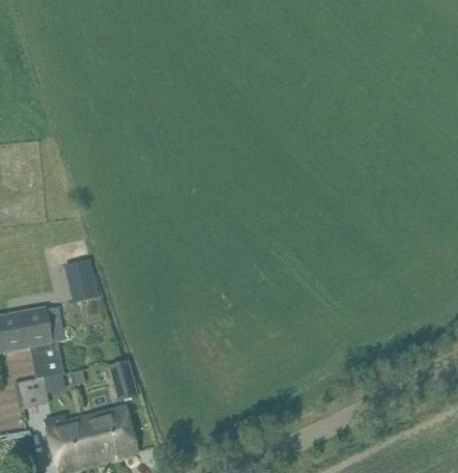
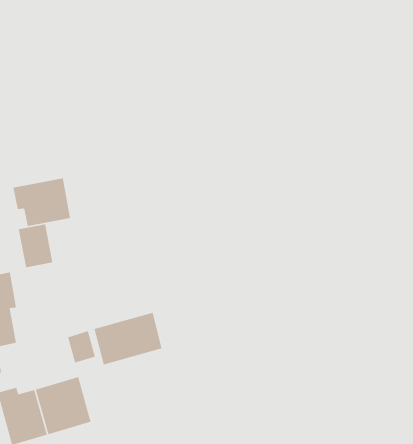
building: none -> [13,178,71,227]
building: none -> [94,312,163,365]

